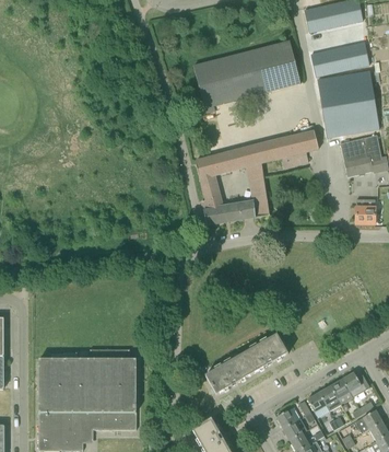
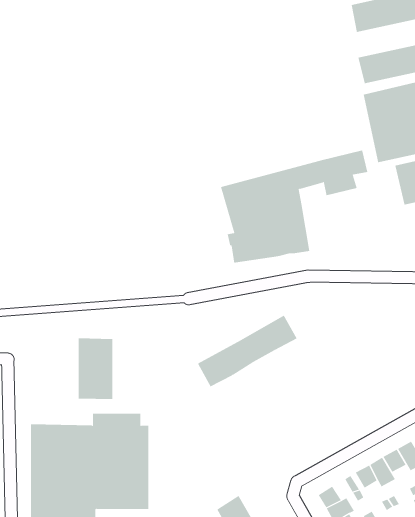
building: [192,39,299,107] -> none
building: none -> [78,338,113,400]
building: [204,333,287,393] -> [197,315,297,387]

